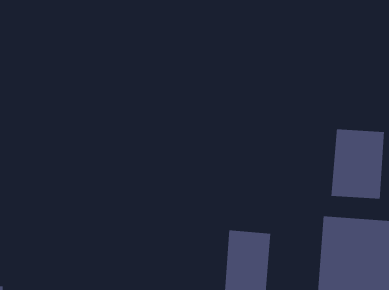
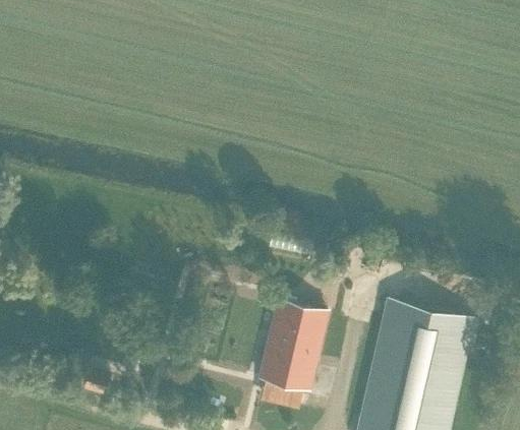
building: [331,128,385,200] -> none

